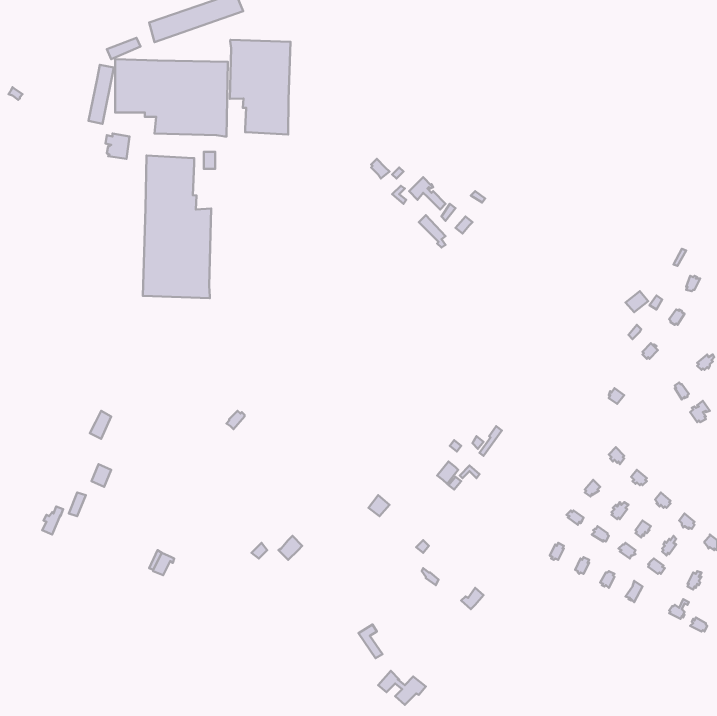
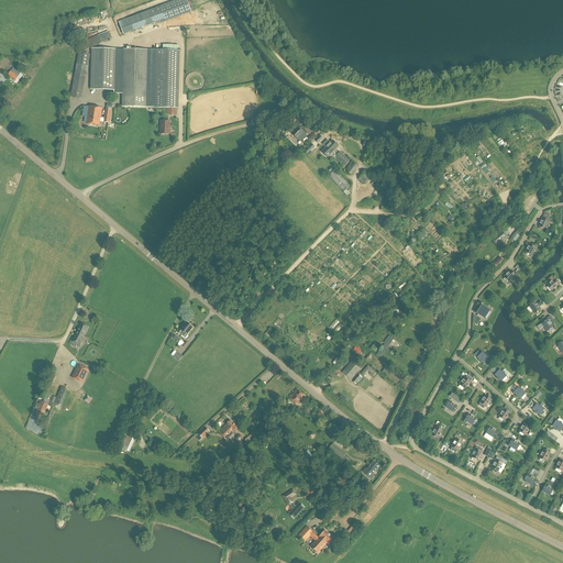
building: [230,40,290,134] -> none
building: [143,155,211,298] -> none

